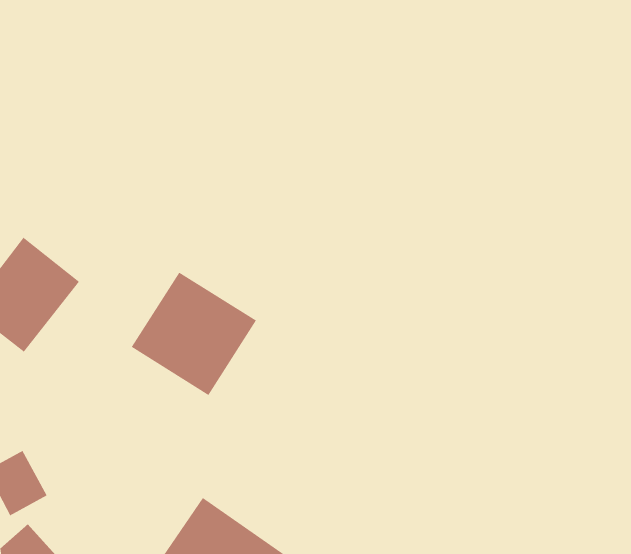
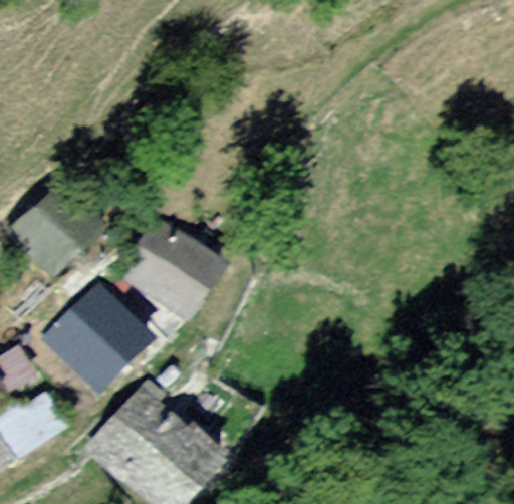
building: none -> [47,294,137,384]

